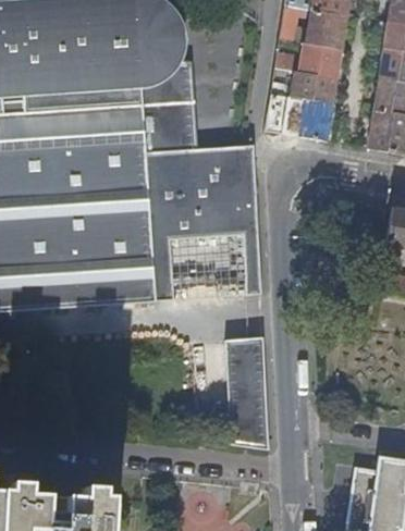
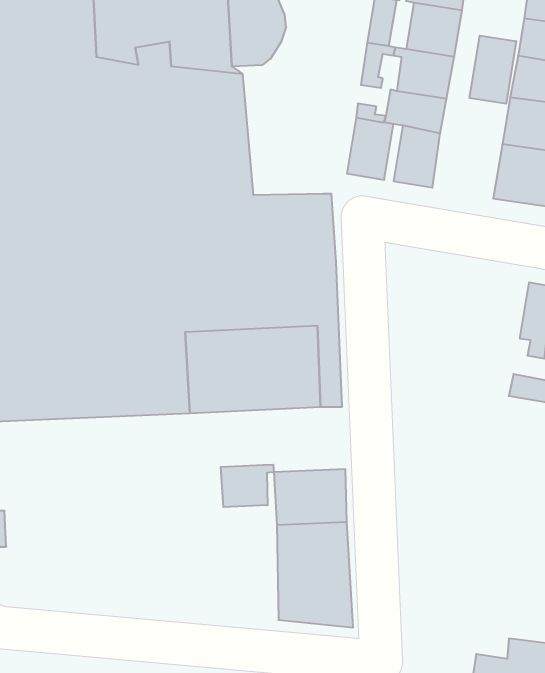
building: none -> [470,36,516,104]
building: none -> [221,465,274,507]

